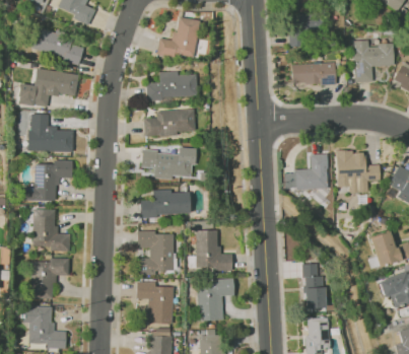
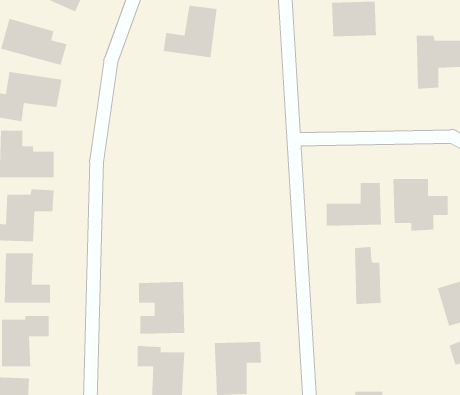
building: [291,62,335,84] -> none
building: [146,71,197,98] -> none
building: [144,109,195,136] -> none
building: [141,147,195,178] -> none
building: [140,190,191,215] -> none
building: [196,221,232,271] -> none
building: [303,263,325,308] -> [354,246,381,305]

